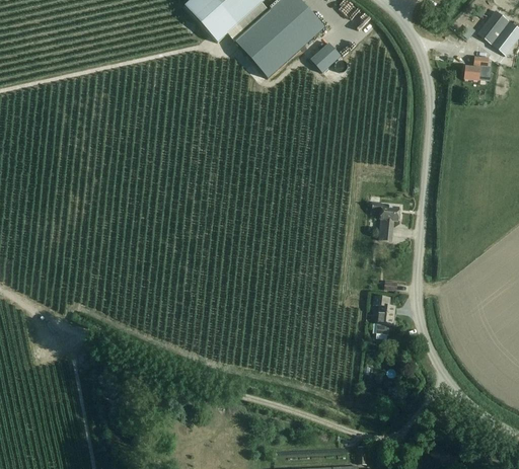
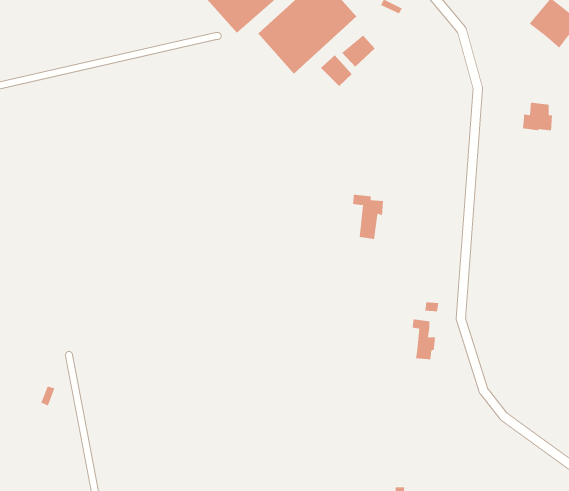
building: [463,55,491,80] -> [522,102,553,131]
building: none -> [320,54,353,87]
building: [372,201,400,241] -> [352,194,384,239]

